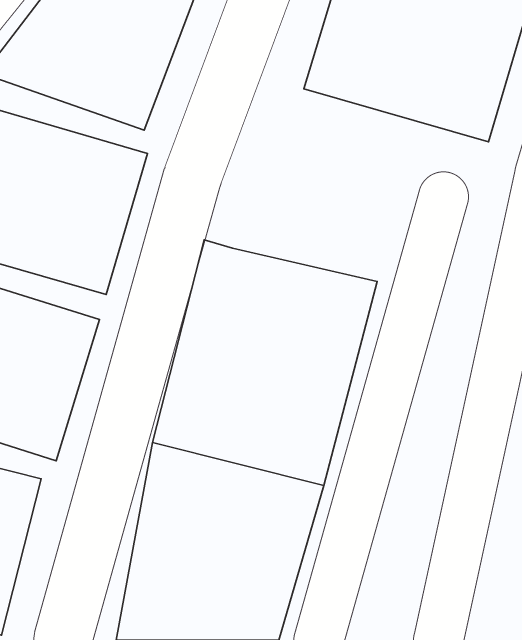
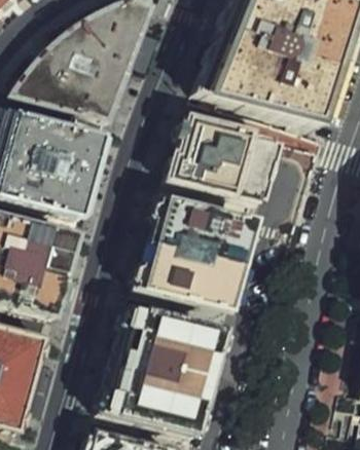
building: none -> [166,115,279,213]

